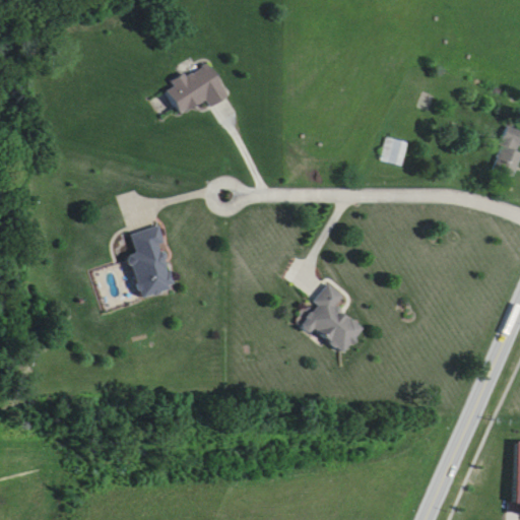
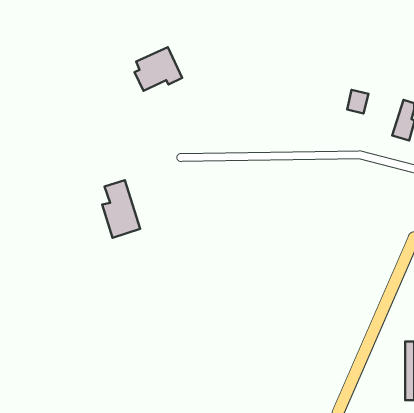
building: [381,136,407,166] -> [347,90,368,113]
building: [302,283,365,352] -> none

